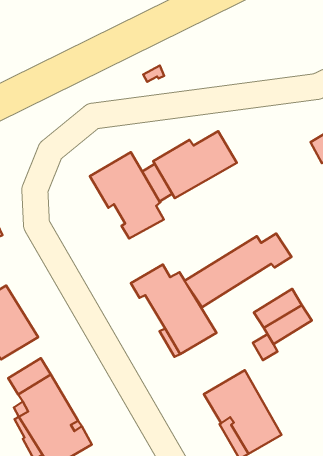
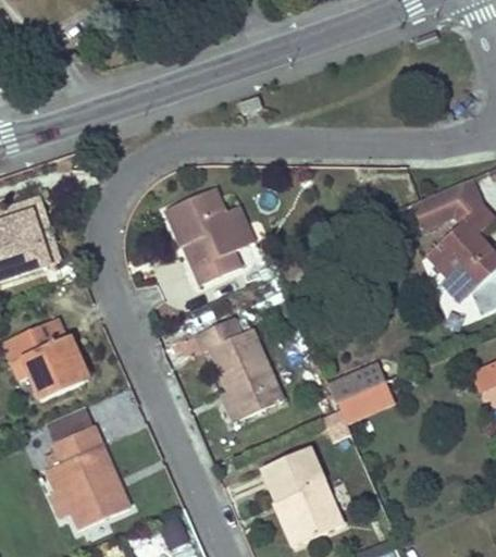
building: [153,131,237,198] -> none
building: [185,233,291,307] -> none

